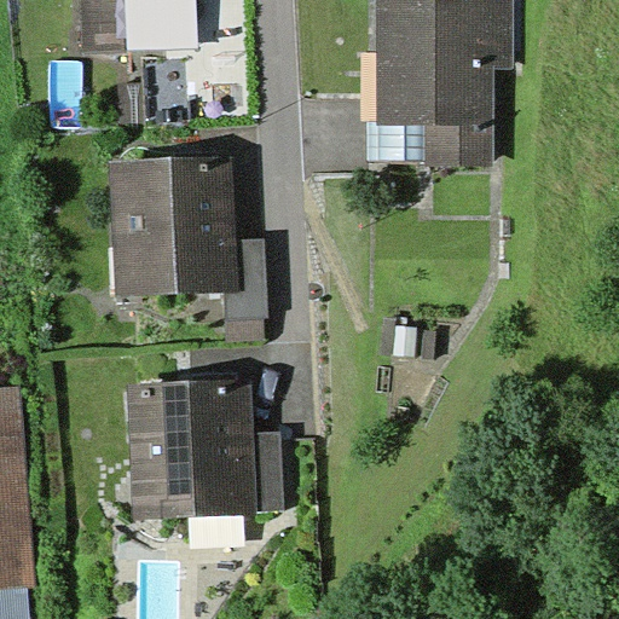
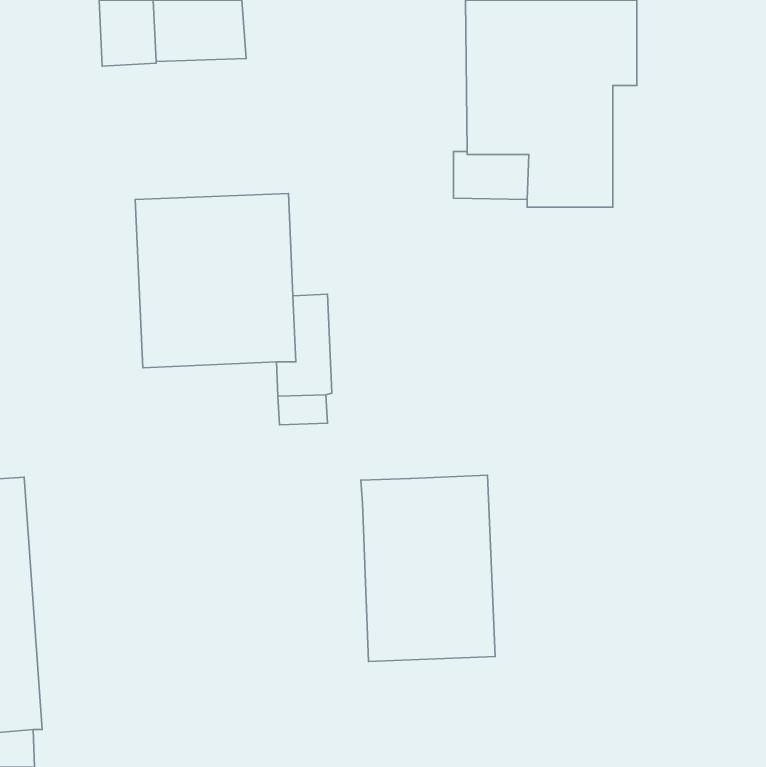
building: [126,380,283,520] -> none
building: none -> [361,475,495,661]

